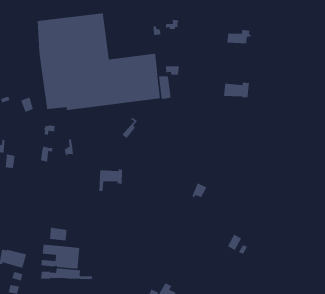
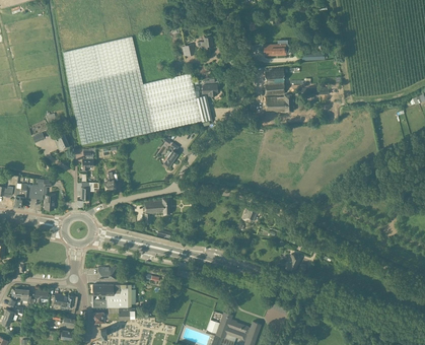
building: none -> [264,69,284,95]

